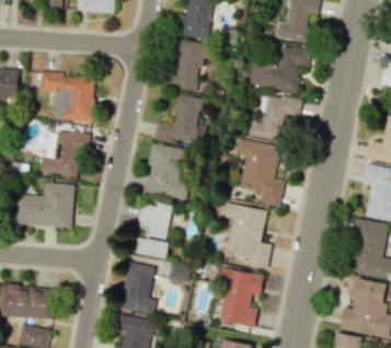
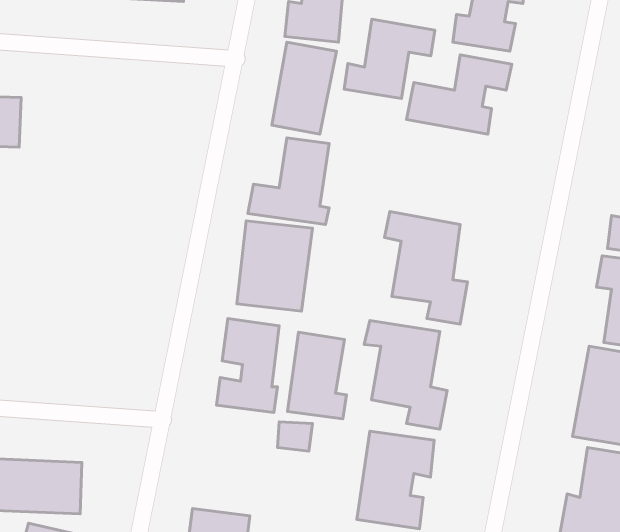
building: [39,70,95,120] -> none
building: [246,93,300,140] -> [344,19,435,98]
building: [42,128,90,176] -> none
building: [15,183,74,225] -> none
building: [122,262,157,313] -> [287,332,347,419]

